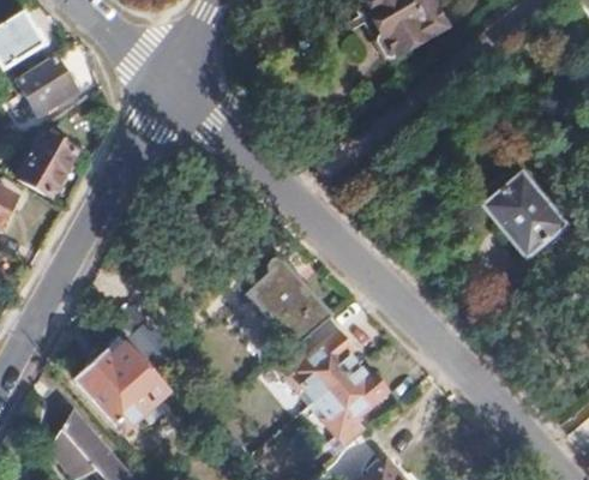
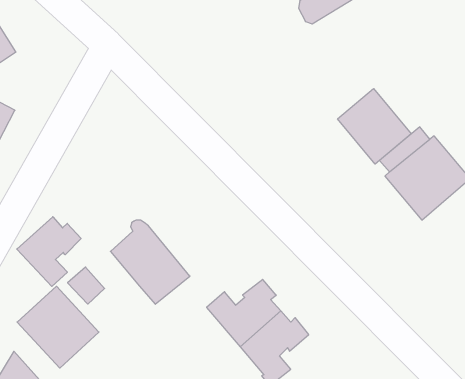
building: none -> [338,89,411,164]
building: [246,257,331,347] -> [110,220,190,304]
building: none -> [17,217,81,286]

